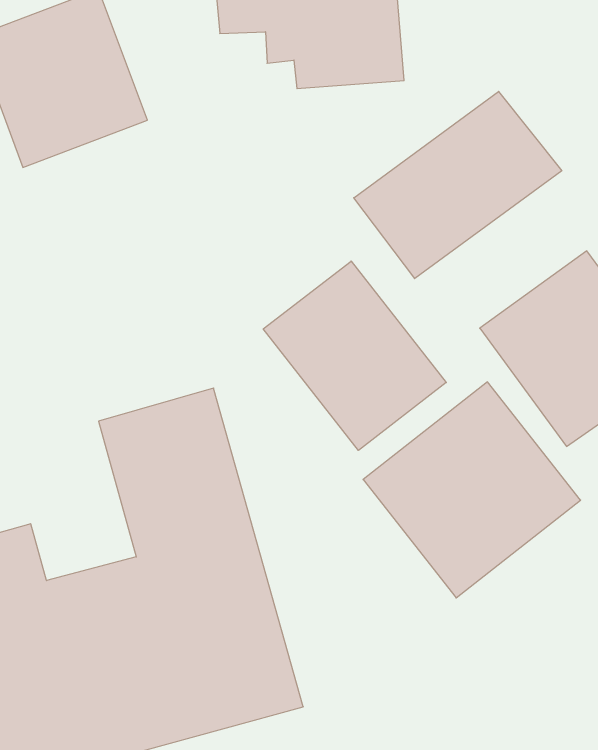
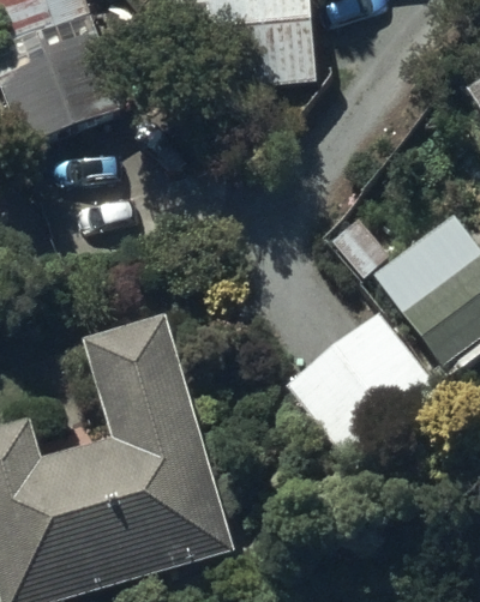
building: [354,91,562,279] -> none
building: [263,261,446,450] -> none

